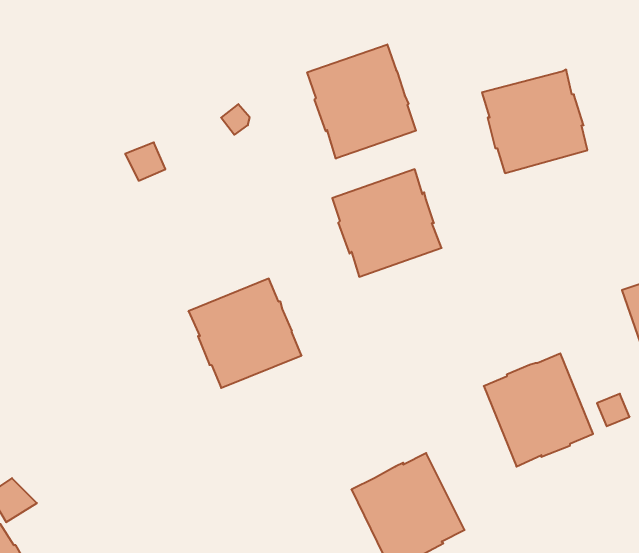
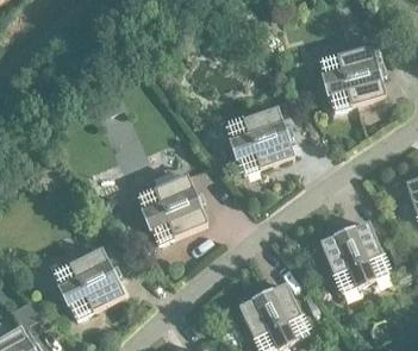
building: [307,44,416,159] -> none
building: none -> [54,249,124,318]

